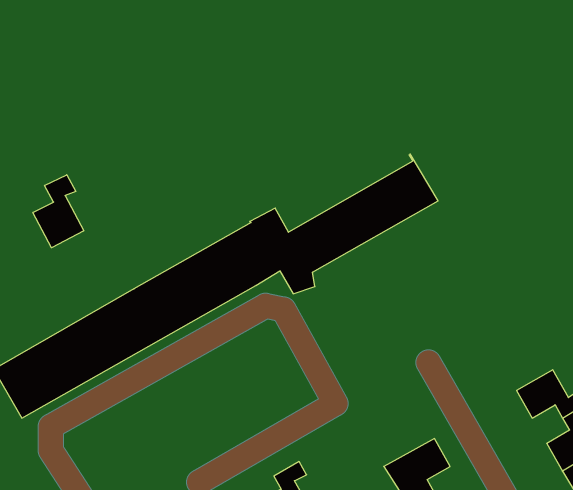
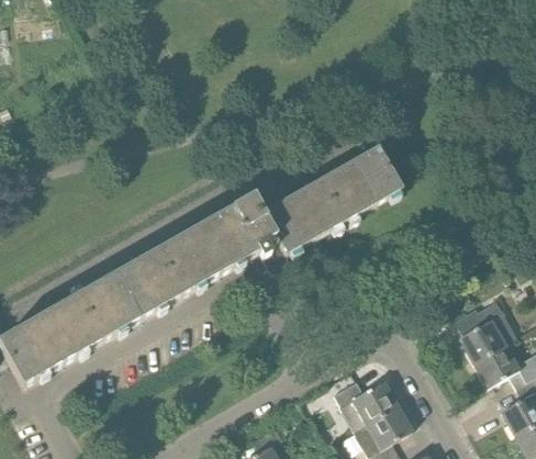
building: [33,175,84,248] -> none
building: none -> [457,294,514,358]
building: none -> [332,377,397,421]

